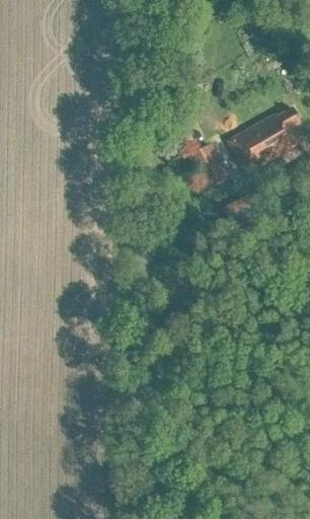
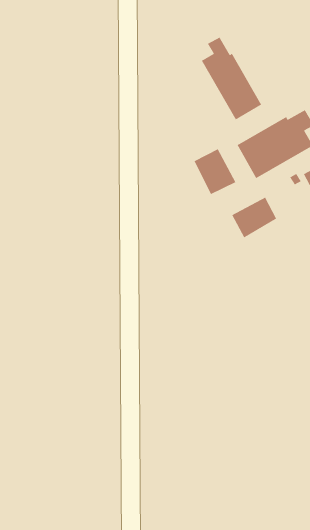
building: none -> [201,37,262,121]

